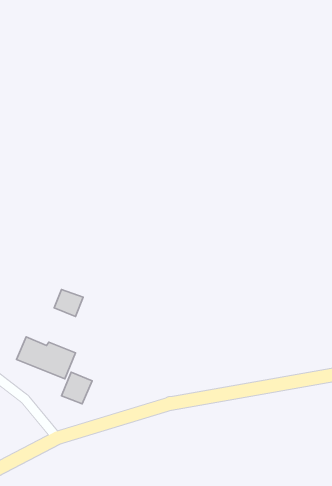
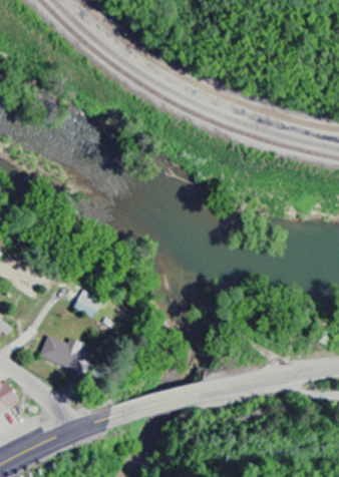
building: [62,372,92,404] -> none

